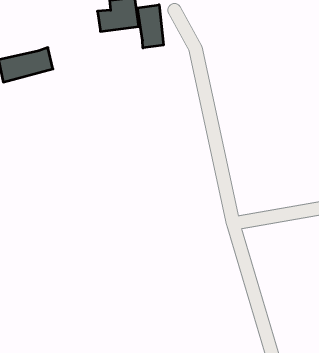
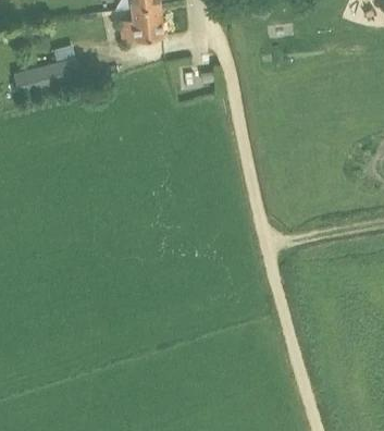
building: [138,5,163,48] -> none

